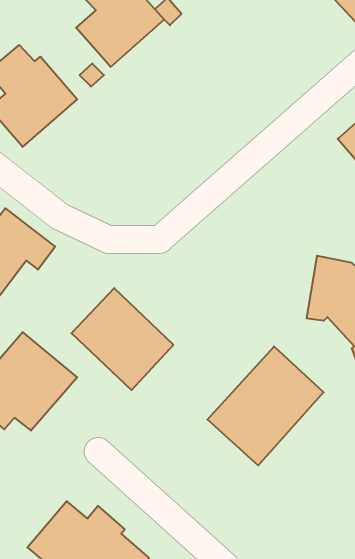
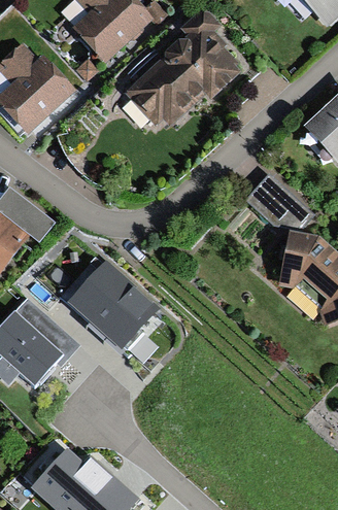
building: none -> [125,11,246,126]
building: none -> [247,174,312,225]
building: [207,346,324,465] -> none

